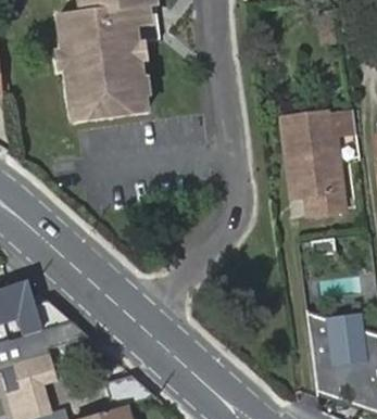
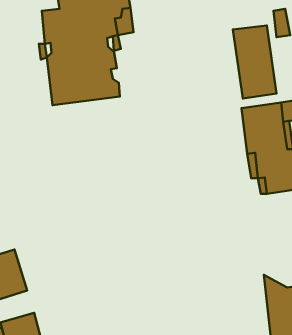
building: none -> [233,25,277,98]

